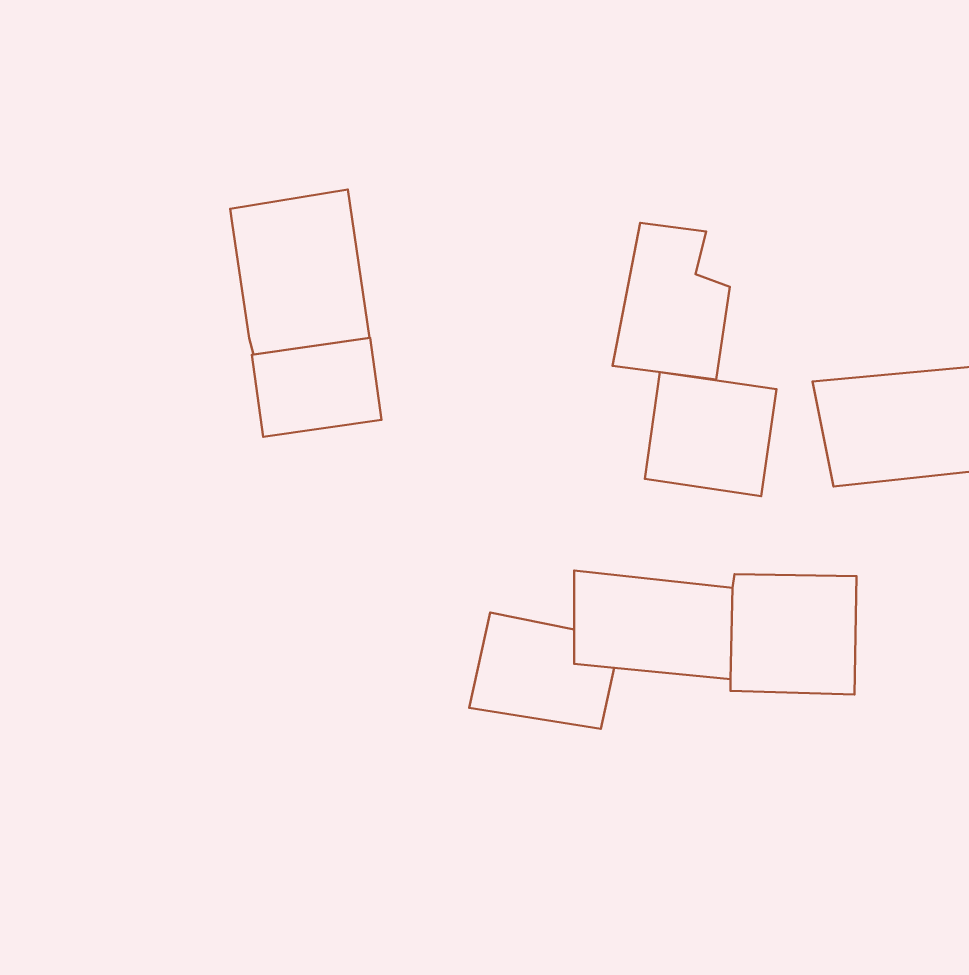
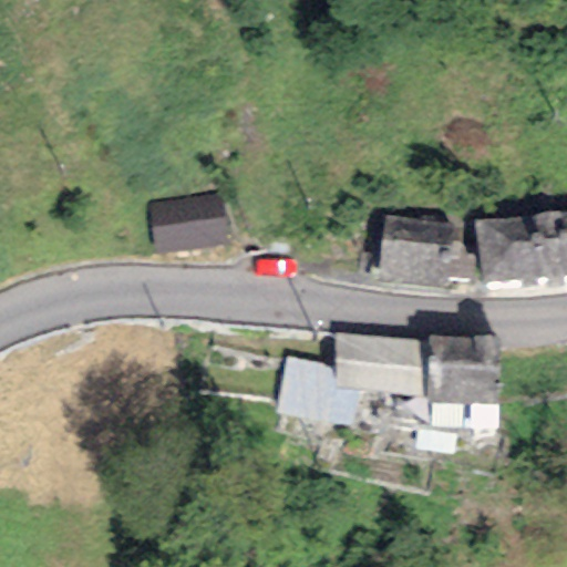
building: [230,189,369,355] -> none
building: [613,223,730,379] -> none

